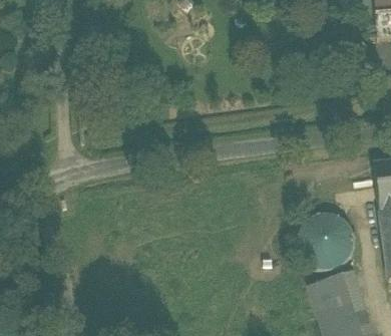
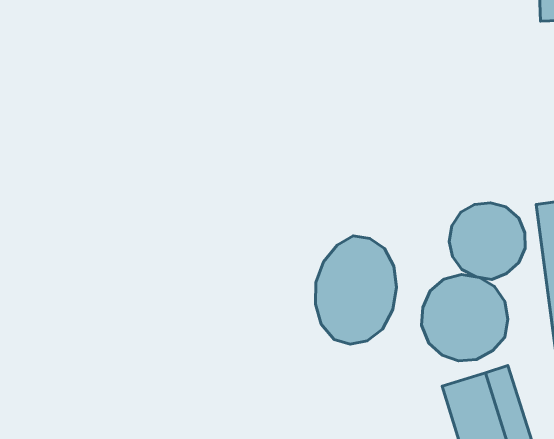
building: none -> [449,203,525,280]
building: none -> [315,236,396,344]

